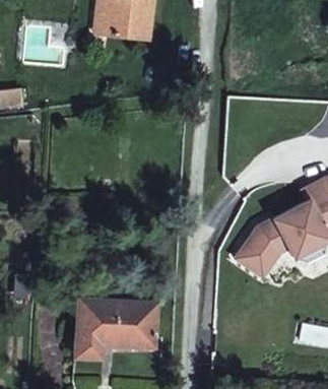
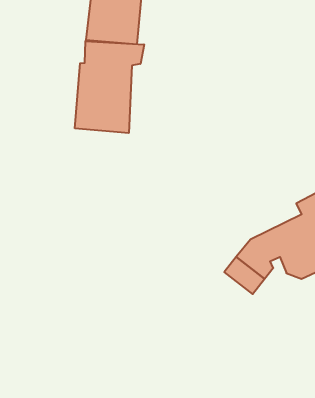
building: none -> [75,41,144,133]
building: [73,302,150,360] -> none

